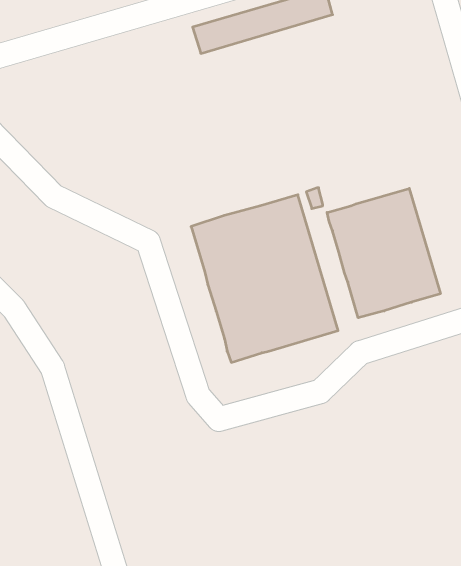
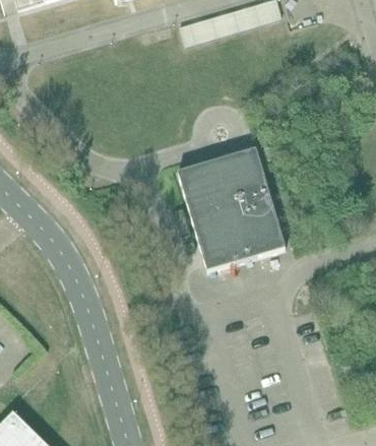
building: [327,188,440,318] -> none

